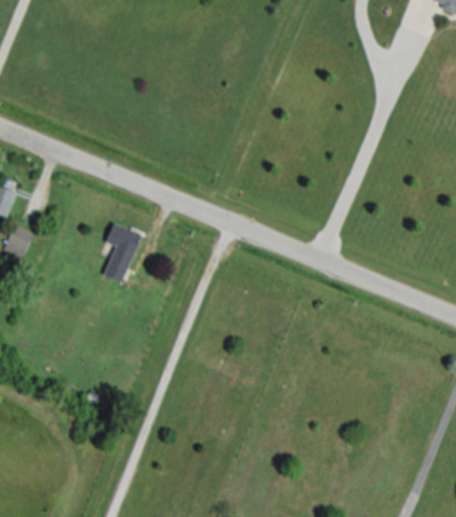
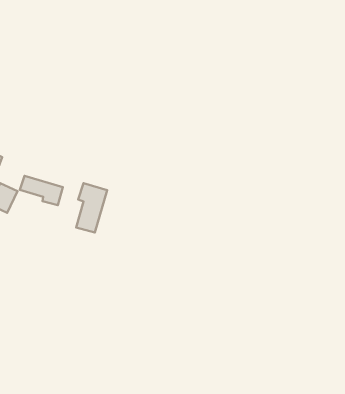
building: none -> [20,176,63,205]

